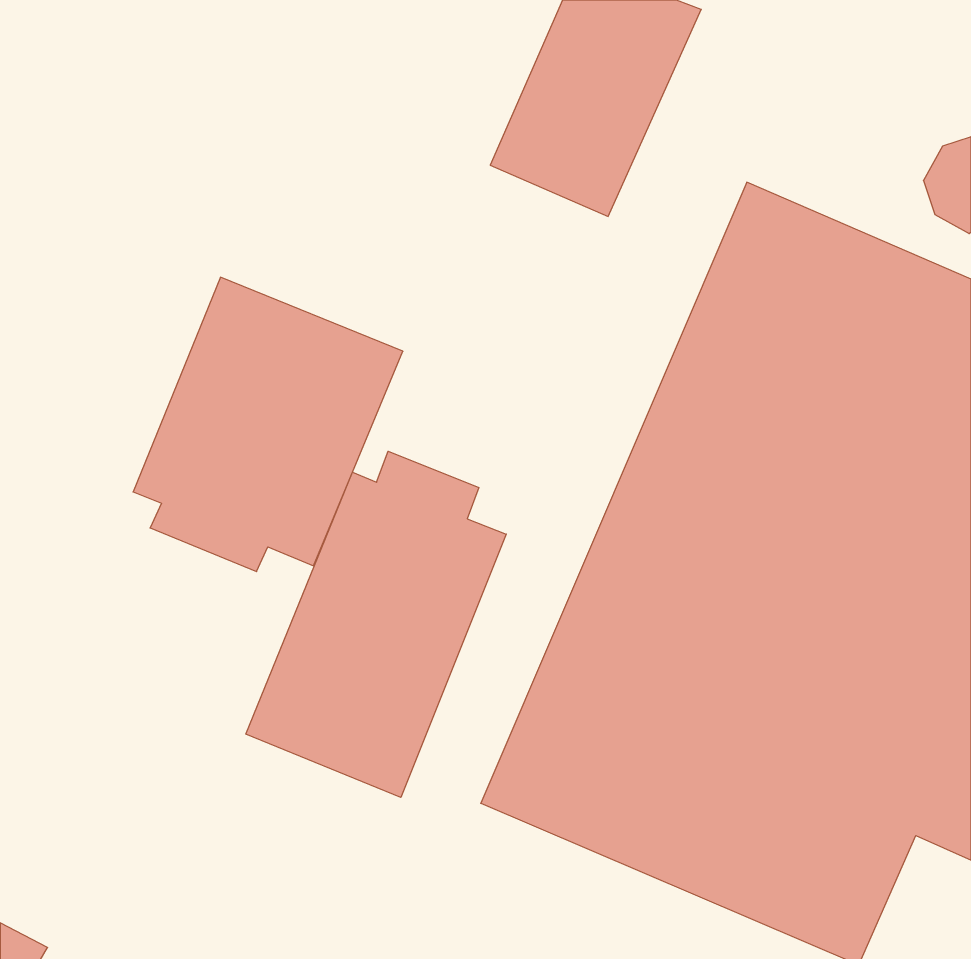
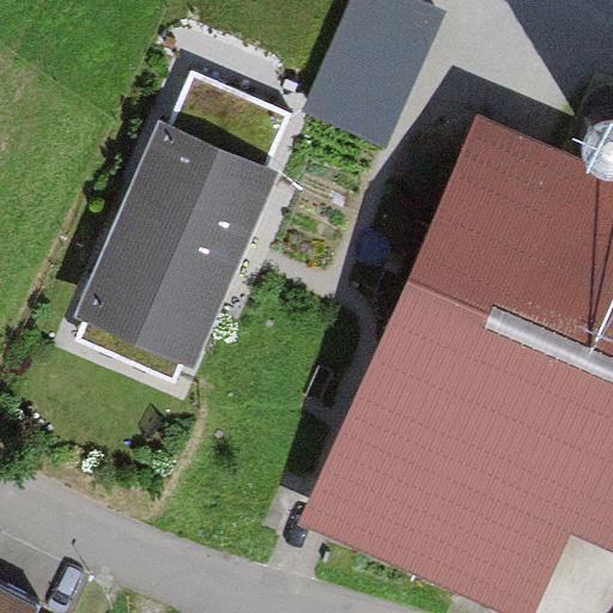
building: none -> [139,79,287,229]
building: [246,451,506,797] -> none

